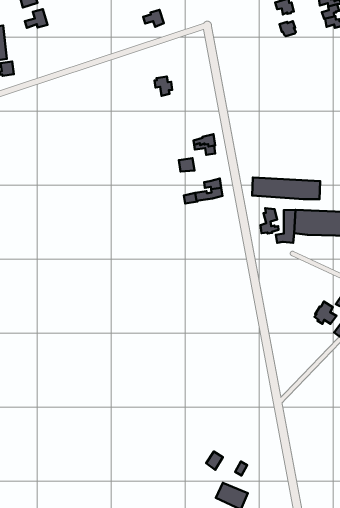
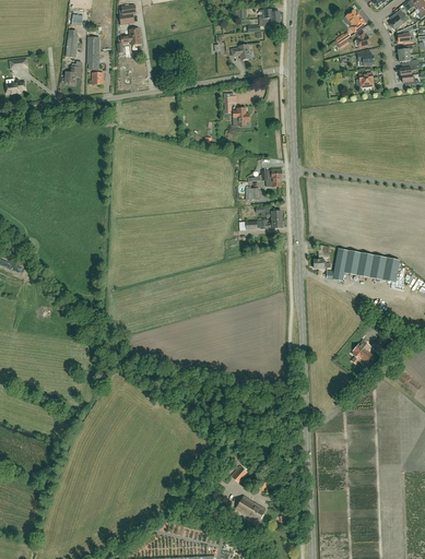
building: [252,177,320,199] -> none

